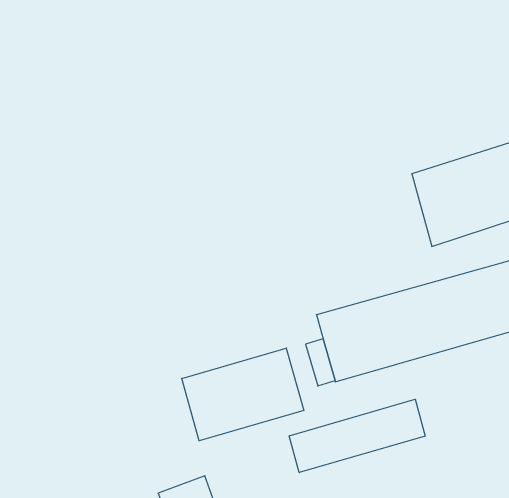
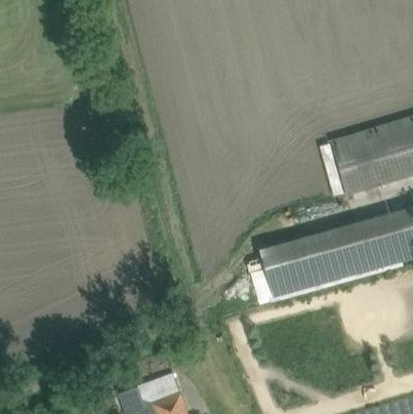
building: [182,348,304,441] -> none
building: [289,399,425,473] -> none

